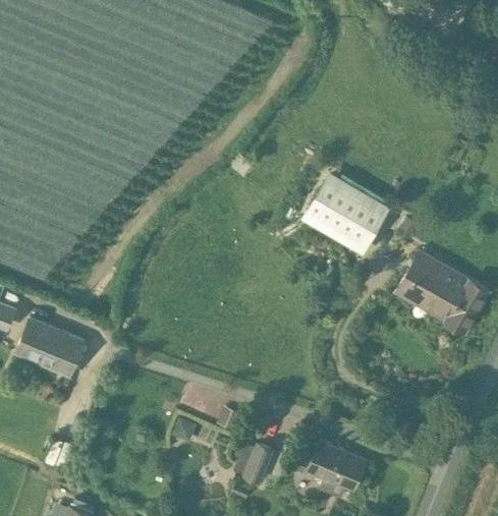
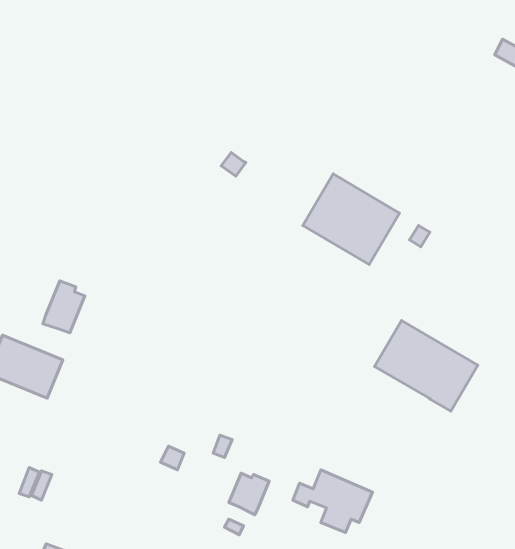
building: [395,251,489,334] -> [374,320,478,411]
building: none -> [43,281,85,333]

